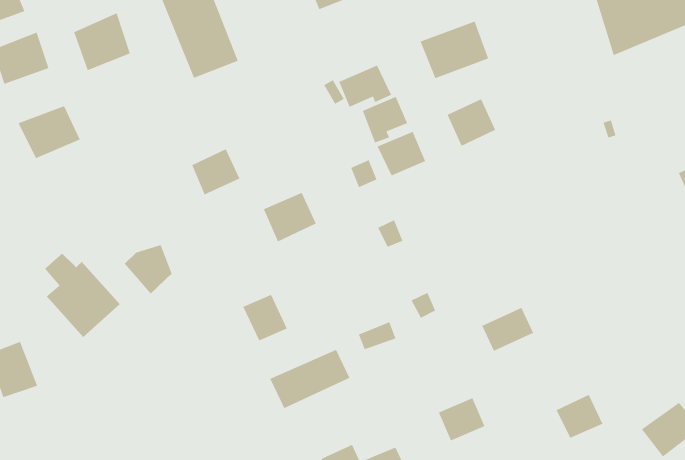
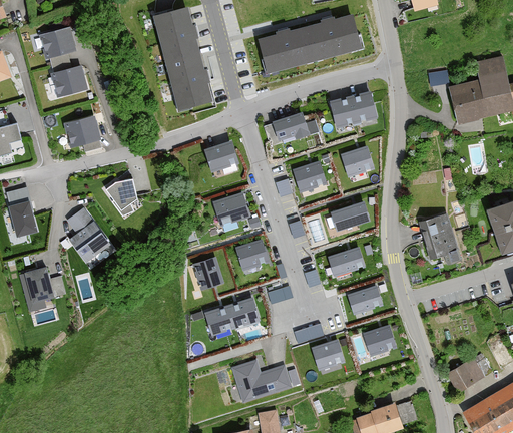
building: [73,12,131,71] -> none
building: [362,96,408,144] -> none
building: [191,148,241,196] -> [207,141,238,170]
building: none -> [332,199,370,227]
building: none -> [426,213,460,266]
building: [124,244,173,295] -> [106,179,137,211]
building: none -> [329,246,365,273]
building: none -> [237,238,268,267]
building: [556,394,603,439] -> [365,324,395,352]

